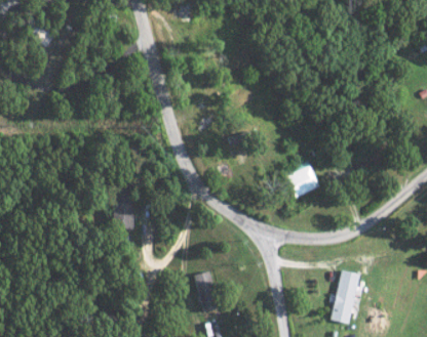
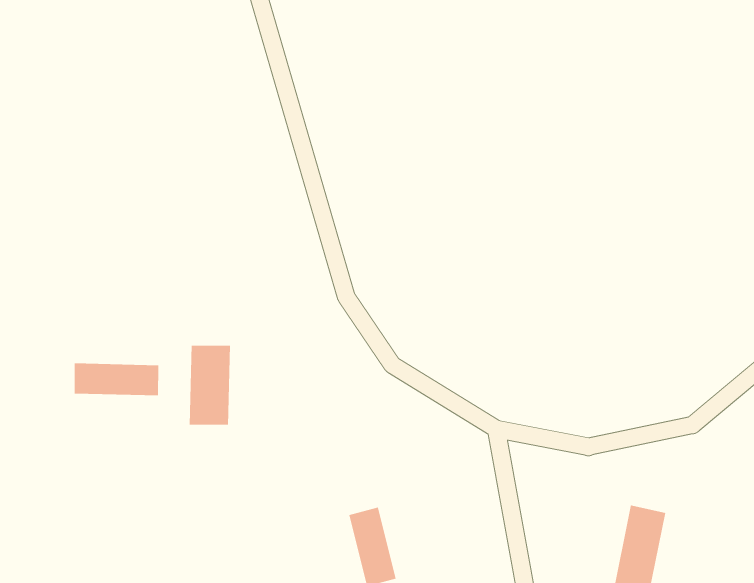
building: [285,162,320,199] -> none
building: none -> [74,363,159,396]

